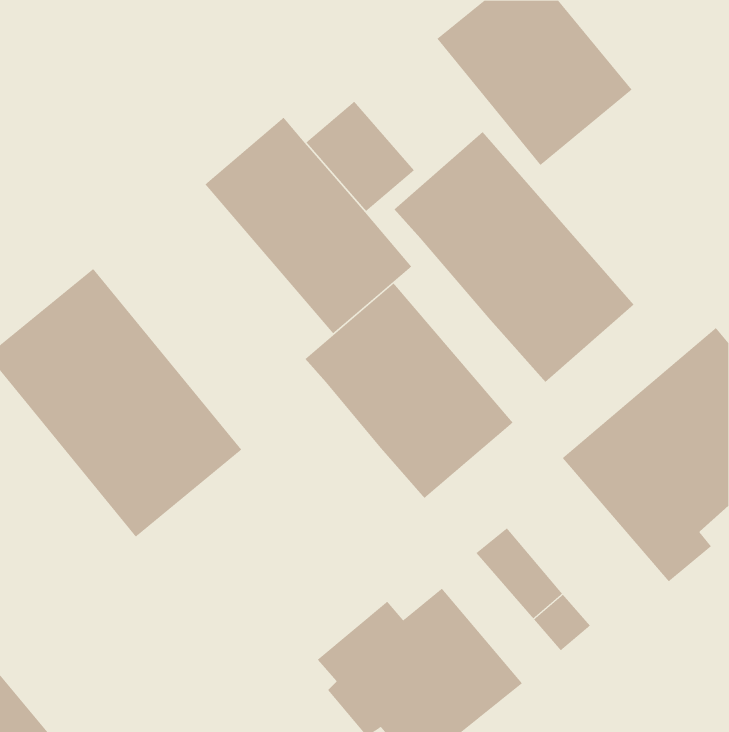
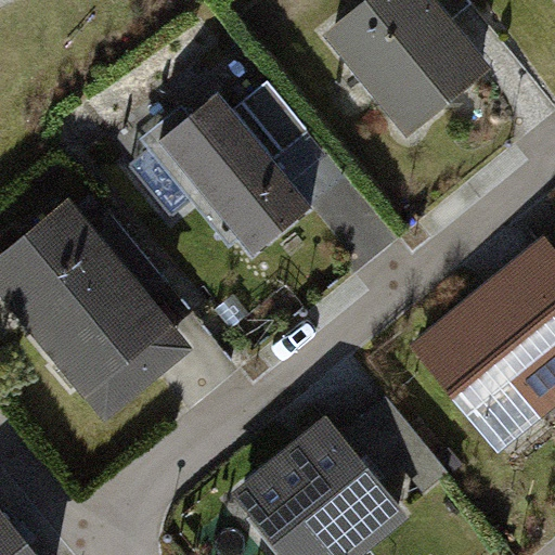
building: [393,131,634,383] -> none
building: [304,283,513,499] -> none

